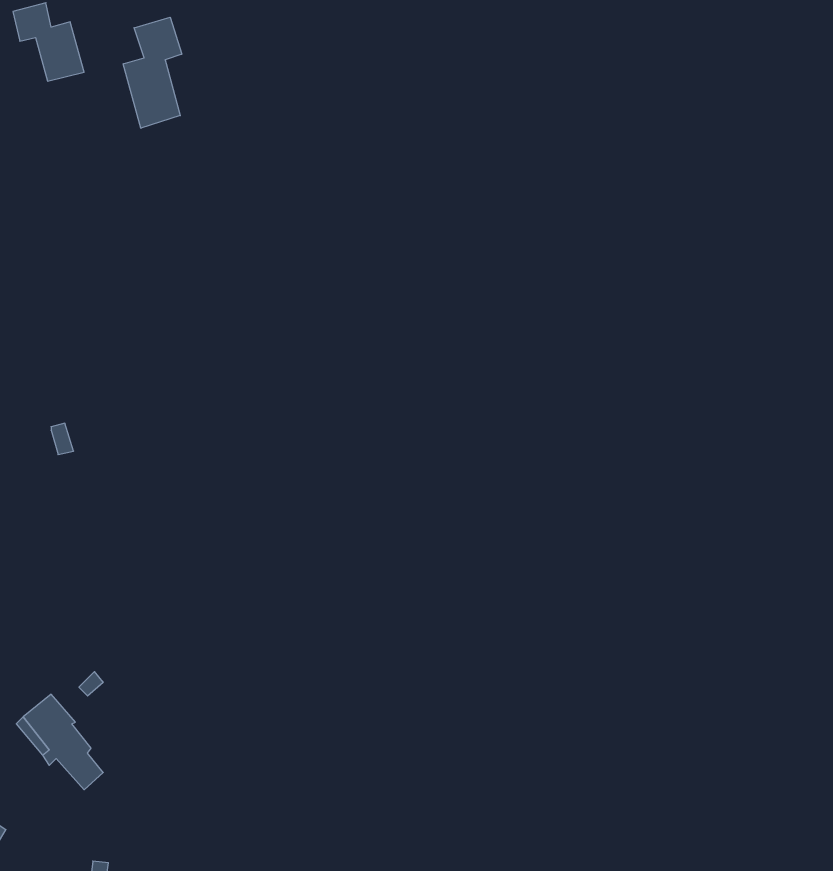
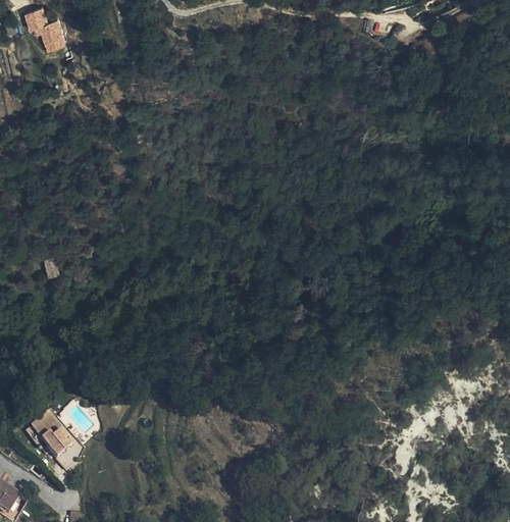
building: [123,17,182,128] -> none

